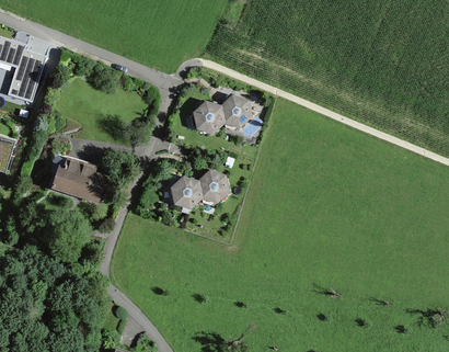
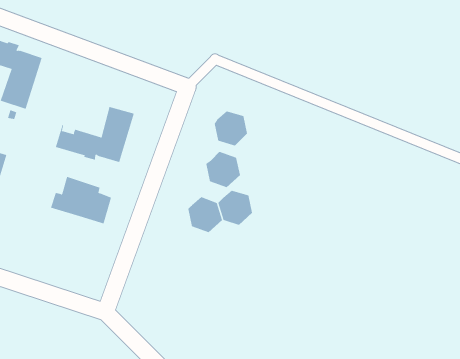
building: [220,95,251,127] -> [205,151,241,188]
building: none -> [55,106,135,163]

